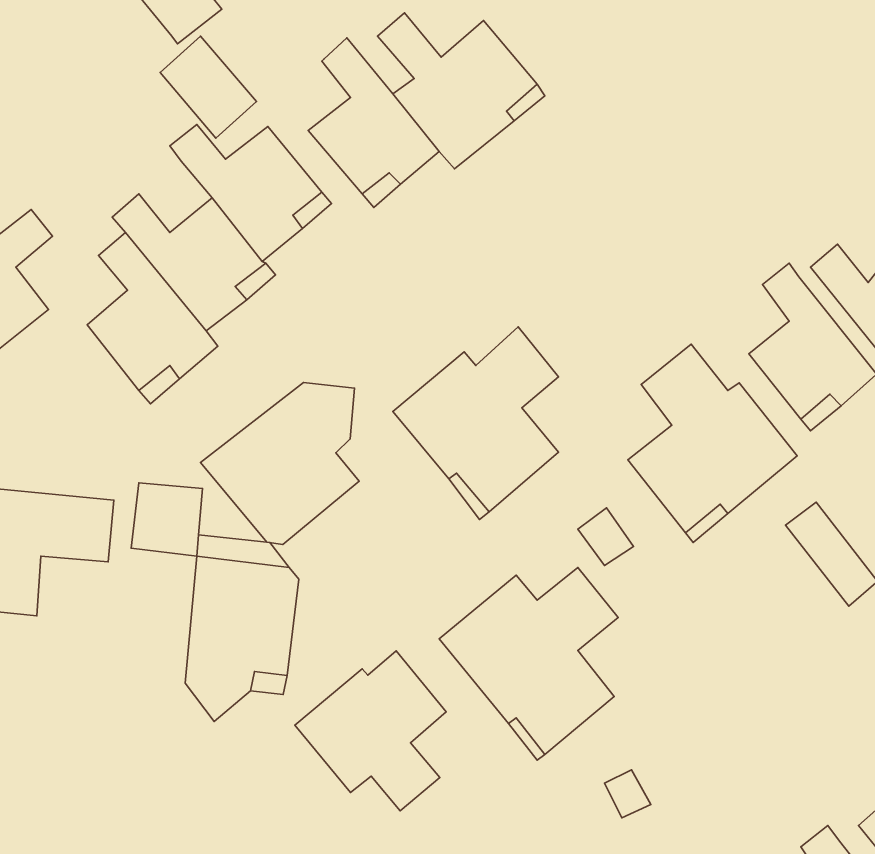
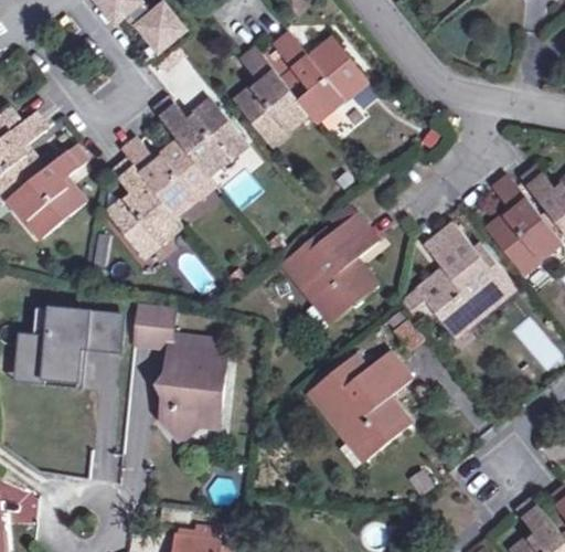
building: [200,382,359,545] -> none
building: [295,651,446,811] -> none

